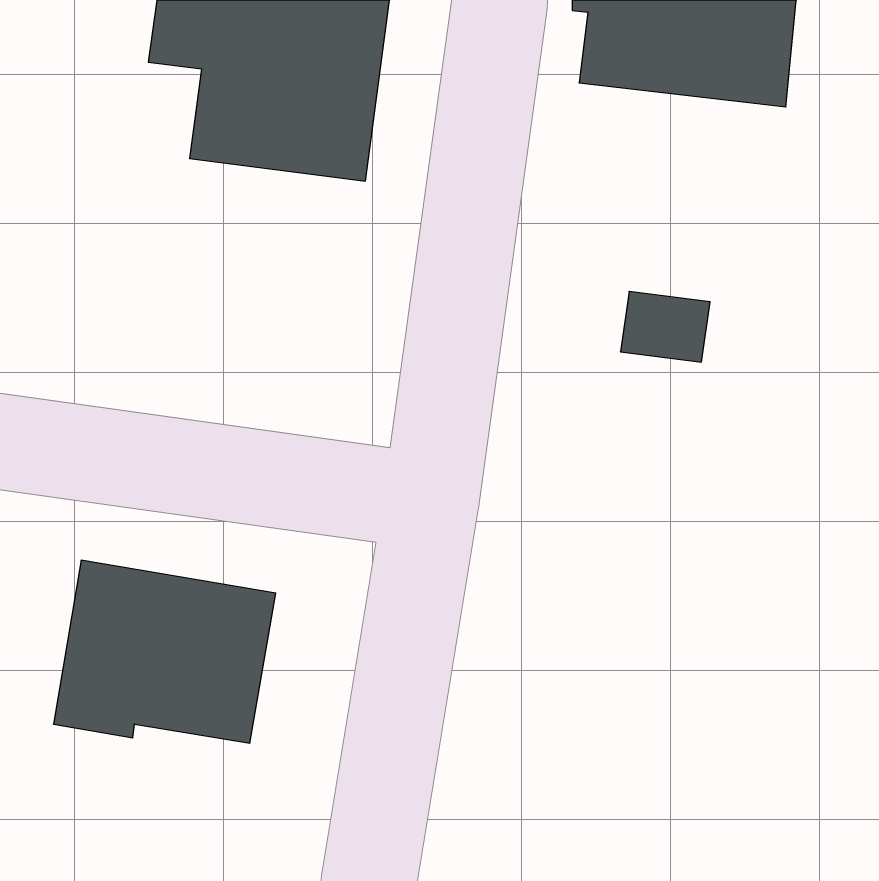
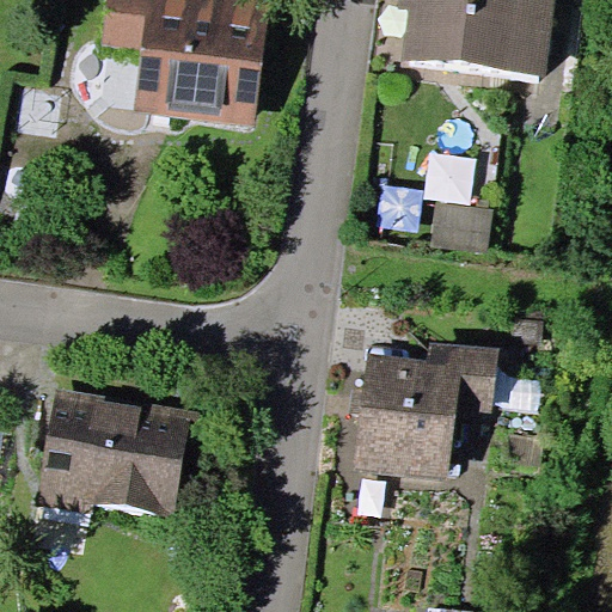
building: none -> [354,341,497,478]

